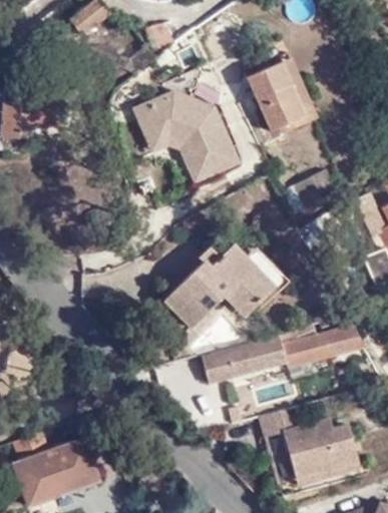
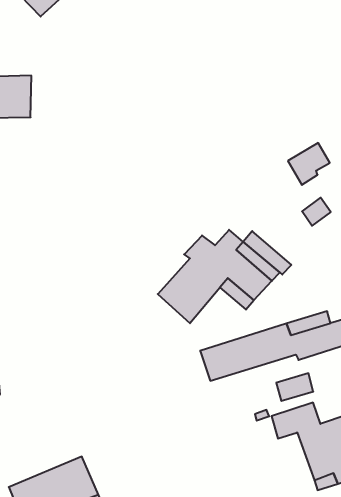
building: [247,60,318,136] -> none
building: [133,89,238,180] -> none

